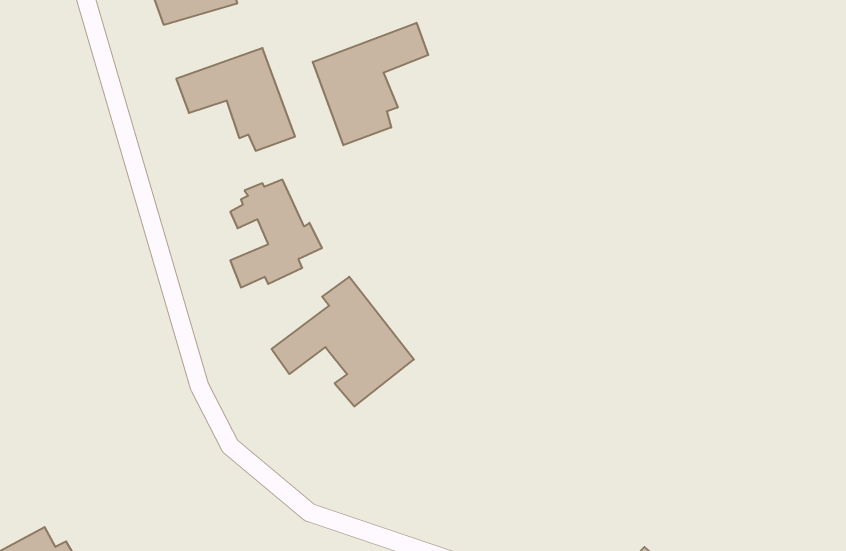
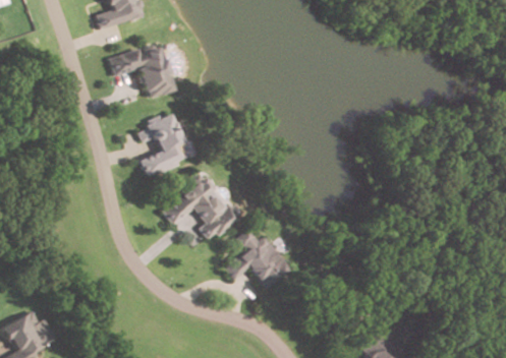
building: [313,23,428,145] -> none
building: none -> [225,228,290,291]

